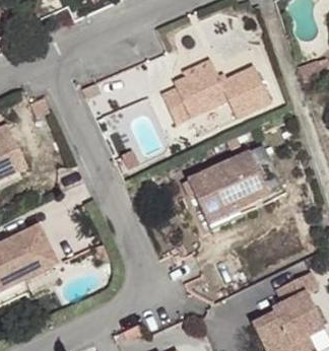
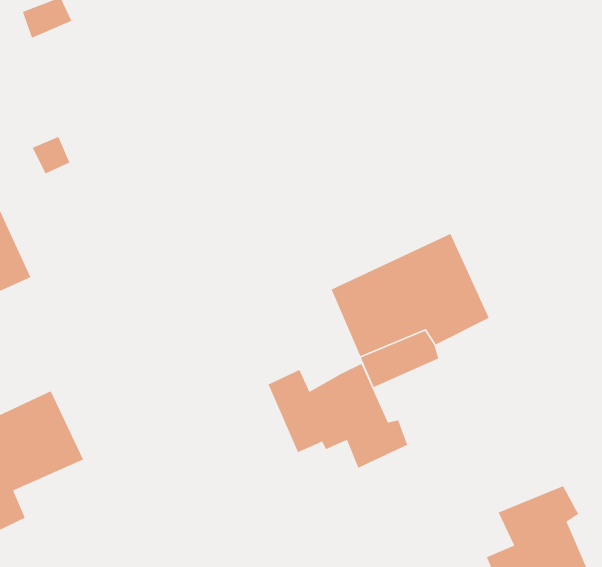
building: [159,64,268,121] -> none
building: none -> [267,363,408,469]

